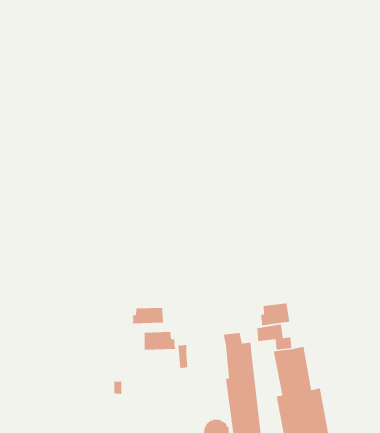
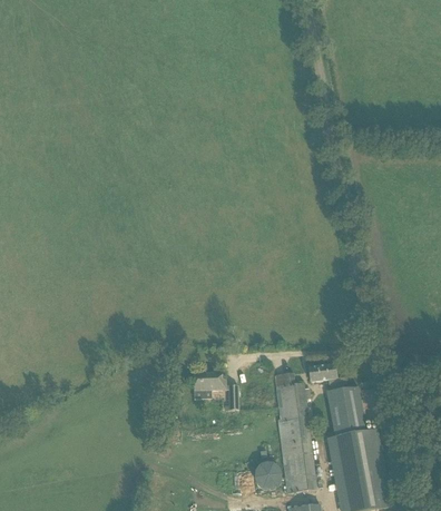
building: [260,302,290,326] -> none
building: [132,307,164,324] -> none

